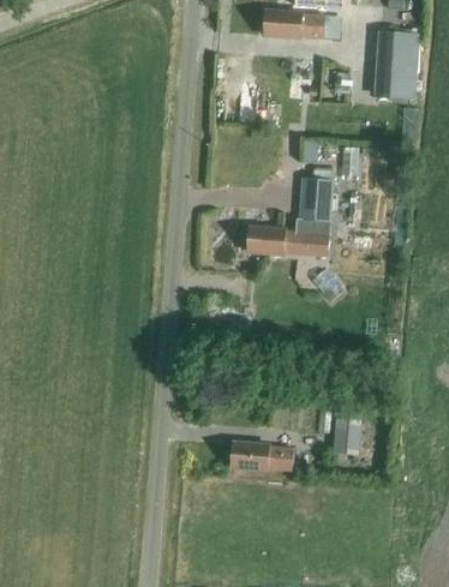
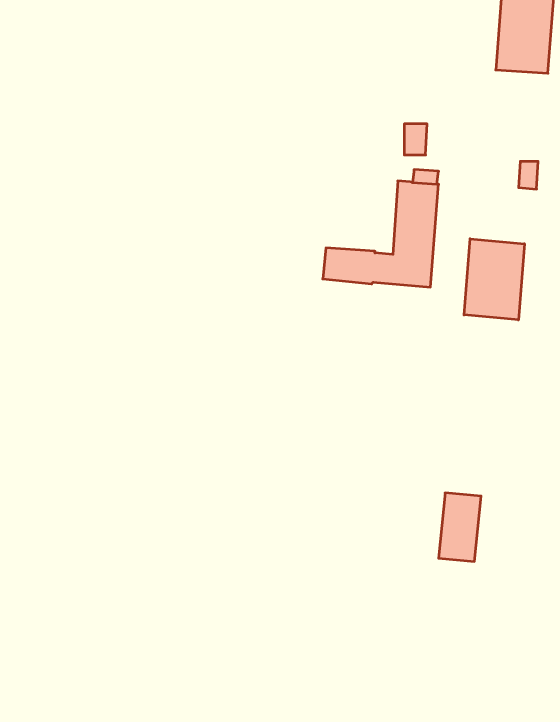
building: none -> [464,239,524,320]
building: [231,442,292,469] -> none

